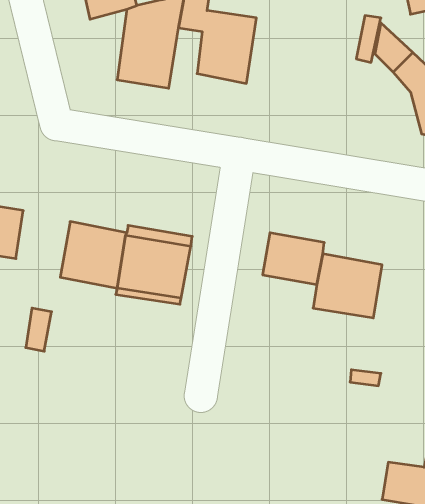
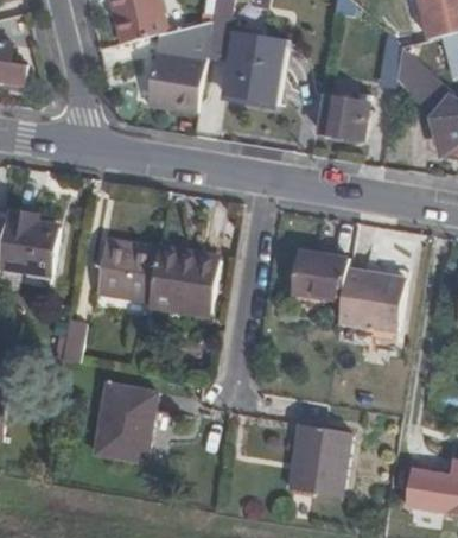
building: none -> [319,95,368,137]
building: none -> [93,382,154,460]
building: none -> [287,424,346,495]

